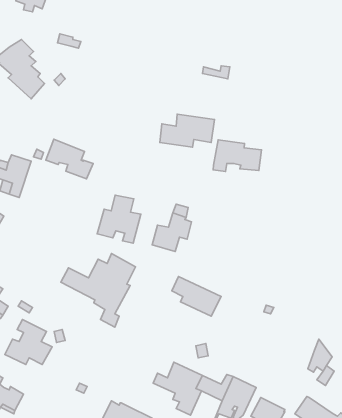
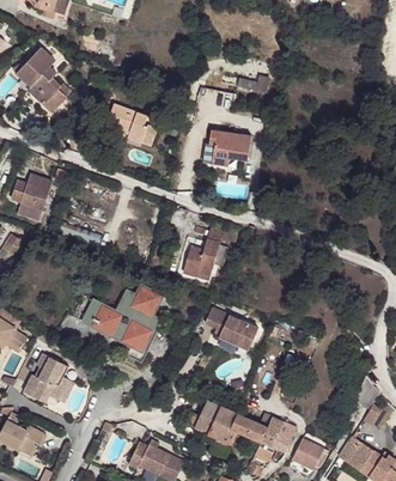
building: [46,139,93,179] -> [105,103,157,146]
building: [213,140,262,172] -> none
building: [97,195,141,243] -> none

